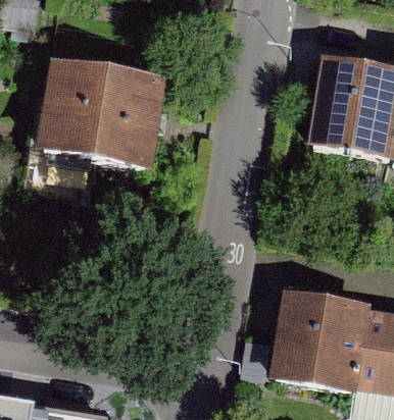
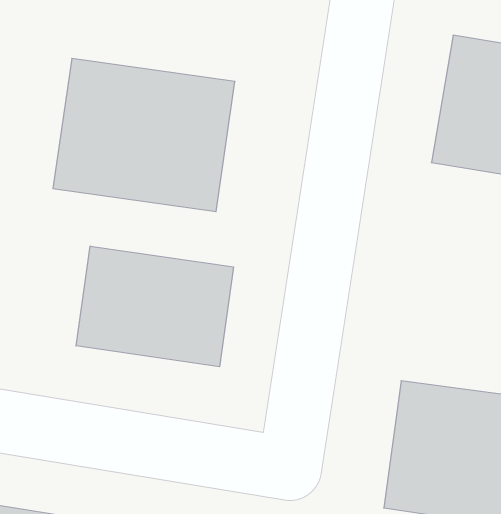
building: none -> [76,246,233,367]

